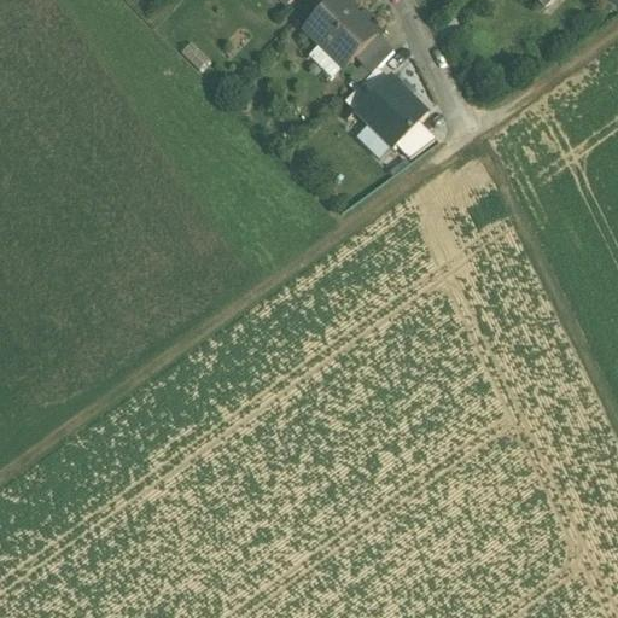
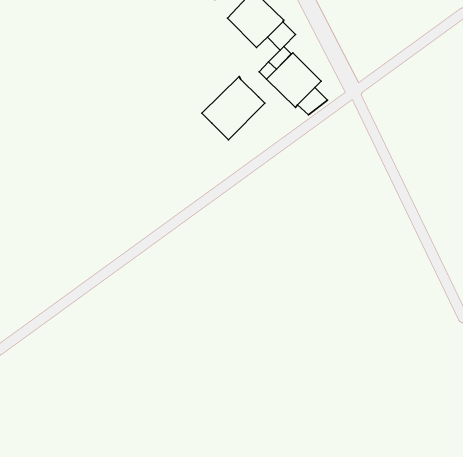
building: none -> [202,76,265,140]

